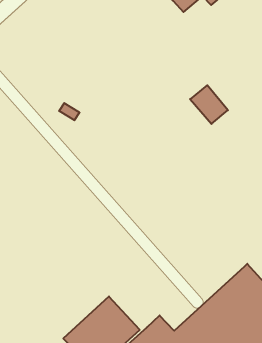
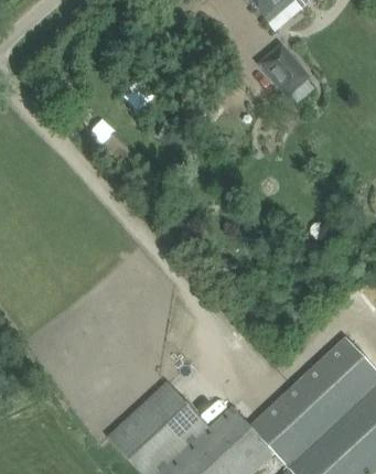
building: [190,85,228,124] -> [259,46,308,96]

